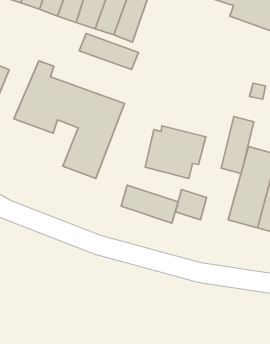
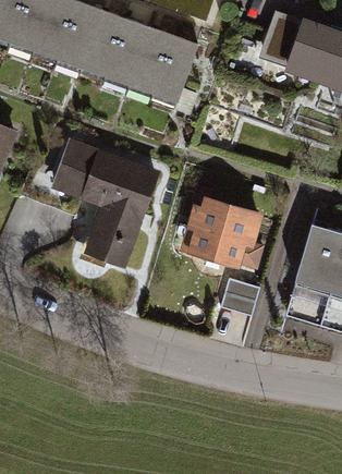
building: [79,34,138,70] -> none
building: [221,116,254,174] -> none
building: [121,185,178,223] -> none

